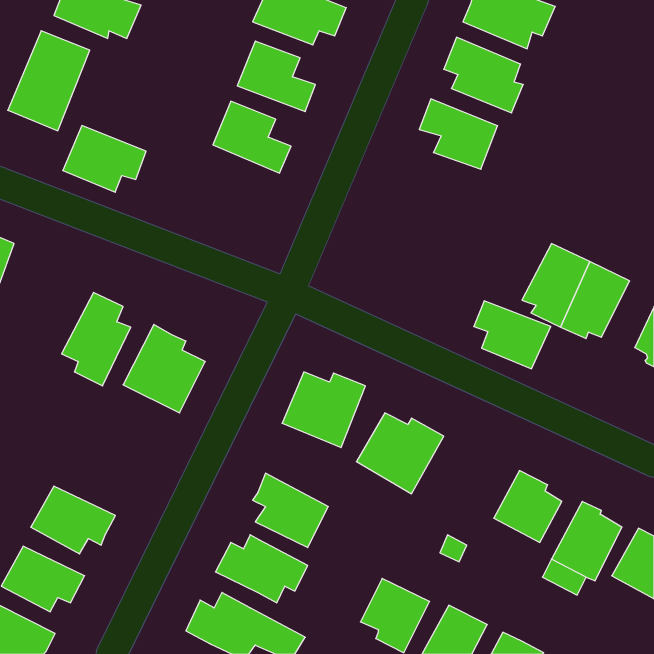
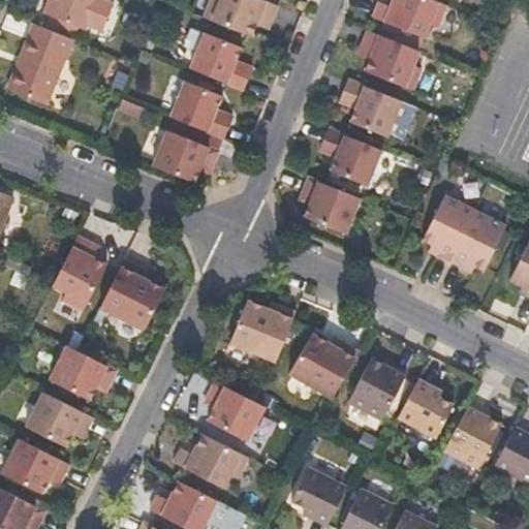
building: [63,126,146,192] -> [153,130,220,184]
building: none -> [318,128,381,186]
building: [474,301,551,369] -> [299,179,361,234]
building: none -> [48,346,116,402]
building: none -> [346,357,405,418]

